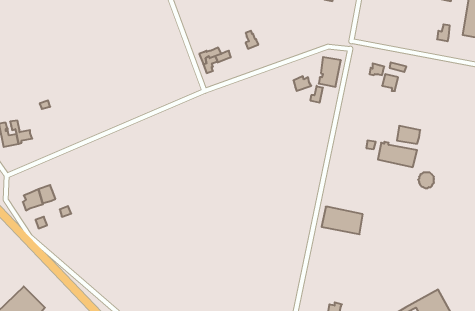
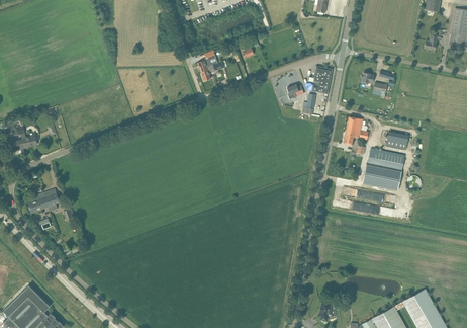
building: none -> [344,116,368,145]
building: [322,207,363,234] -> [362,164,401,190]

